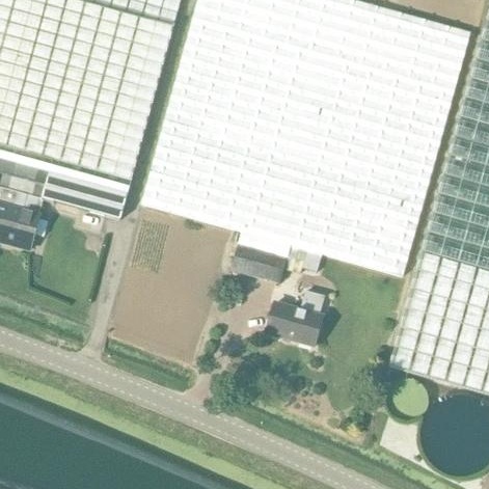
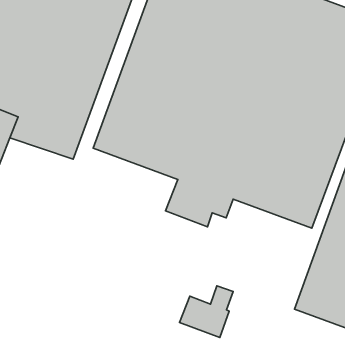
building: [266,288,325,347] -> [179,286,233,337]

